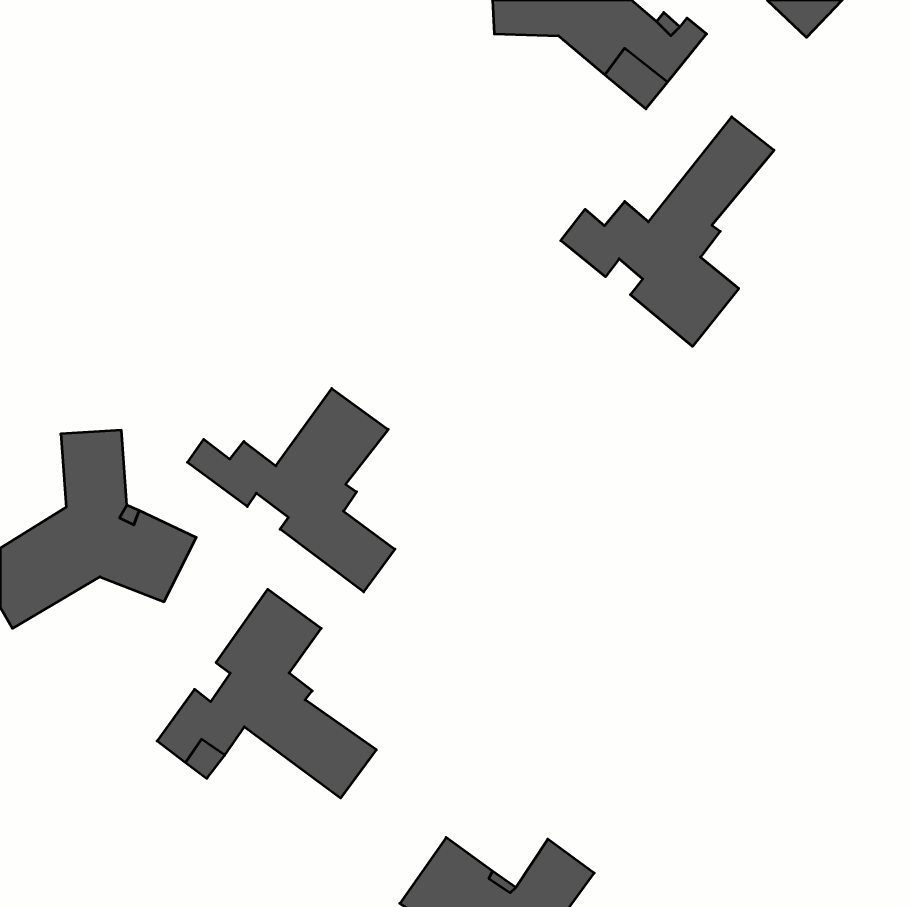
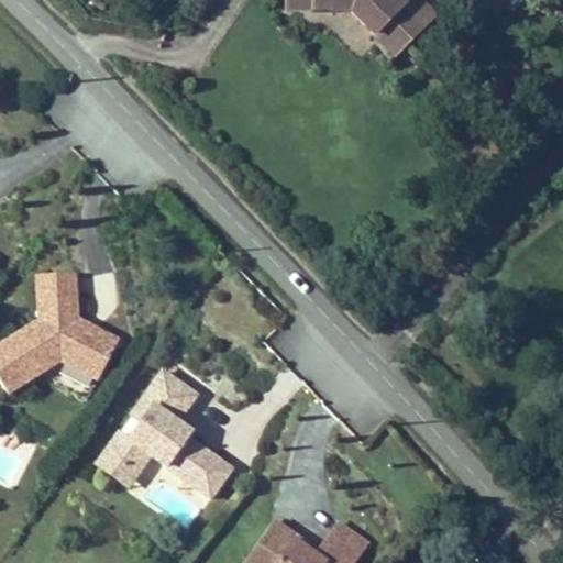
building: [561,117,774,346] -> none
building: [187,388,395,592] -> none

